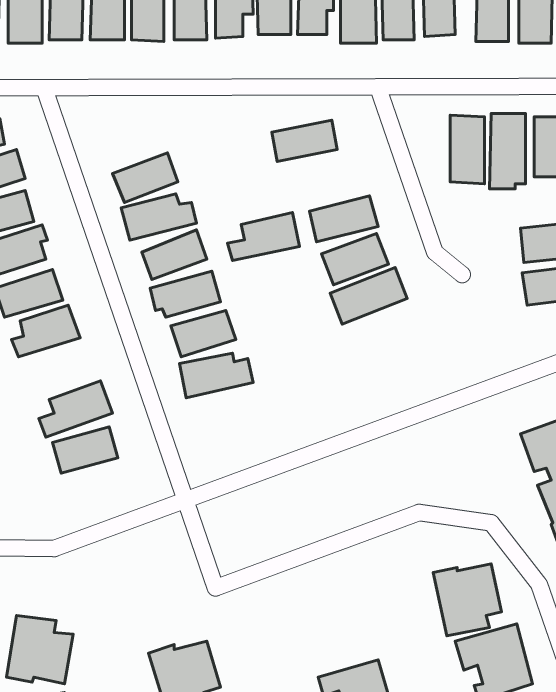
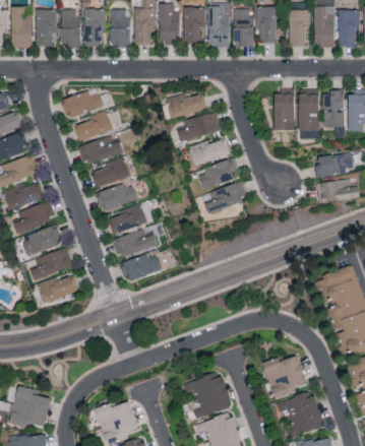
building: none -> [61,89,102,119]
building: [227,212,299,260] -> [177,112,220,140]
building: none -> [22,226,62,255]
building: none -> [121,252,162,281]
building: none -> [183,371,231,418]

